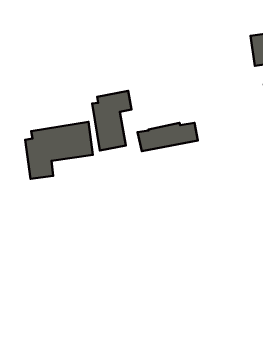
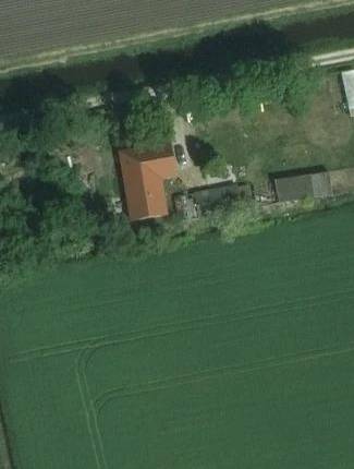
building: none -> [274,170,332,203]
building: [25,122,93,179] -> none

